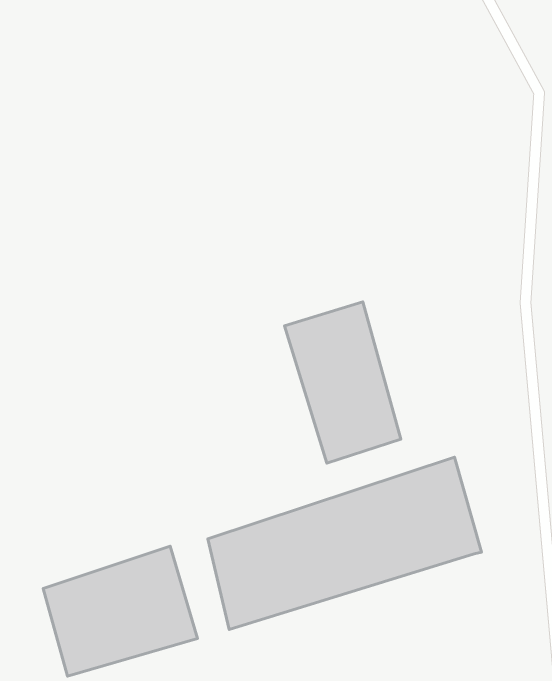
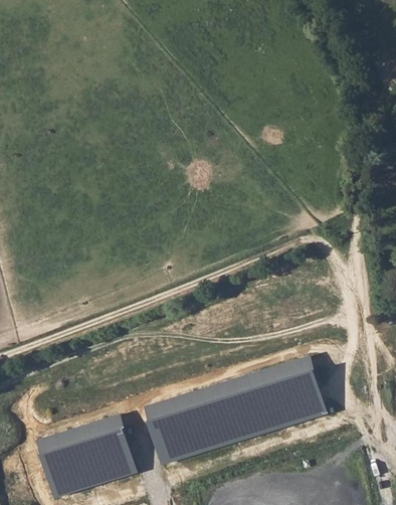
building: [284,302,401,463] -> none

